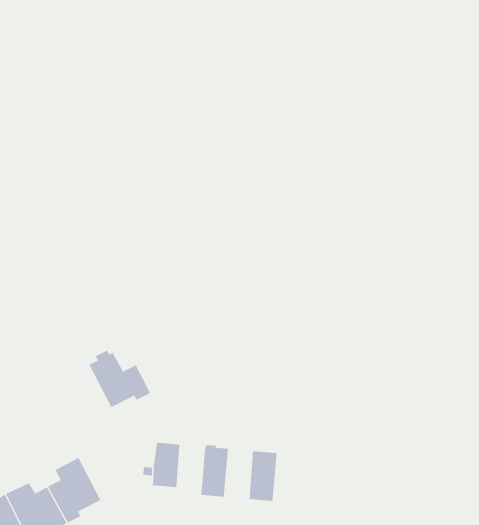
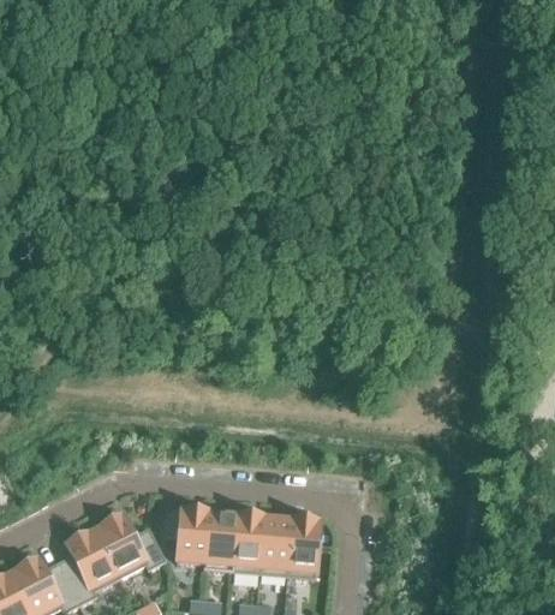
building: [89,350,151,408] -> [96,509,167,575]
building: none -> [205,512,239,569]
building: none -> [262,517,293,574]

